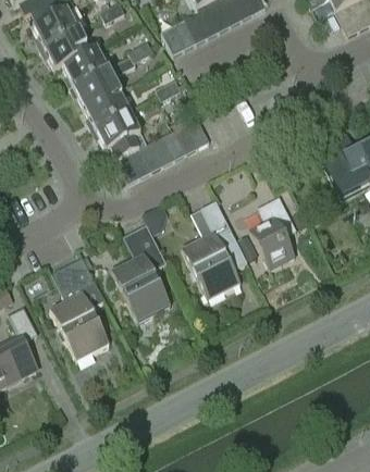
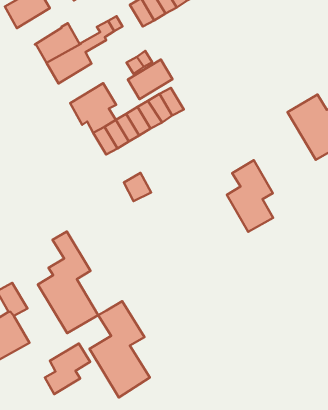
building: [45,30,90,70] -> none
building: [84,89,130,128] -> [128,59,173,99]
building: [182,201,247,301] -> none
building: [112,225,172,323] -> [89,301,150,397]
building: none -> [45,343,90,394]

